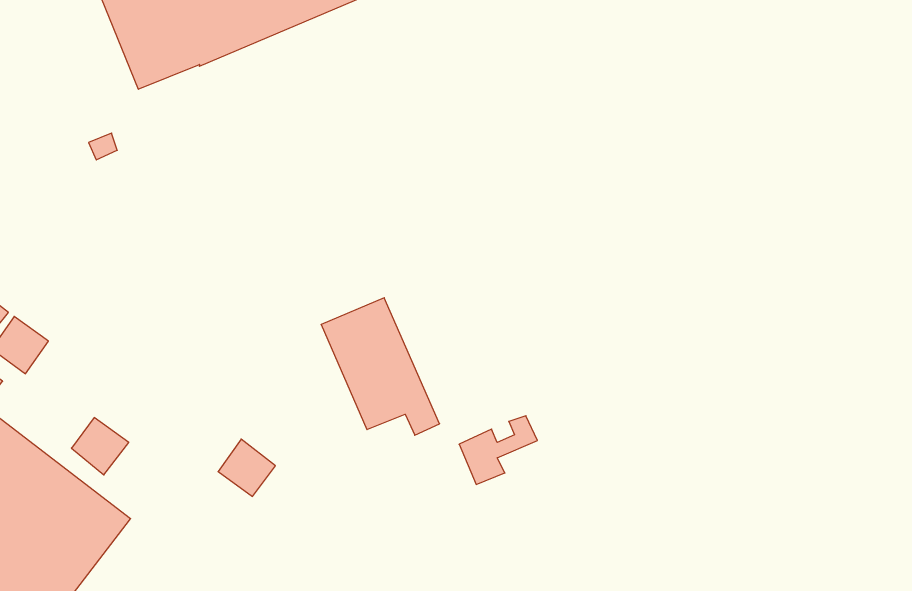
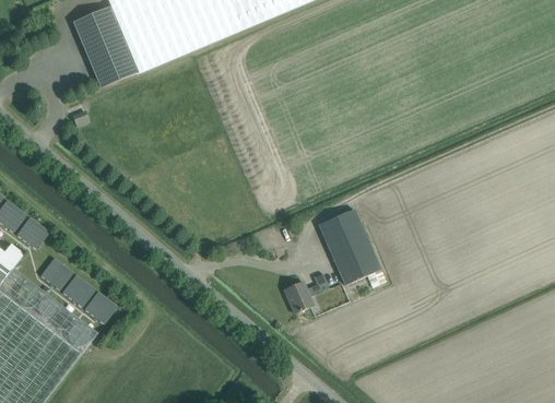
building: [321,298,440,435] -> [318,209,386,287]
building: none -> [39,257,73,289]
building: [218,439,275,496] -> [84,291,117,323]

